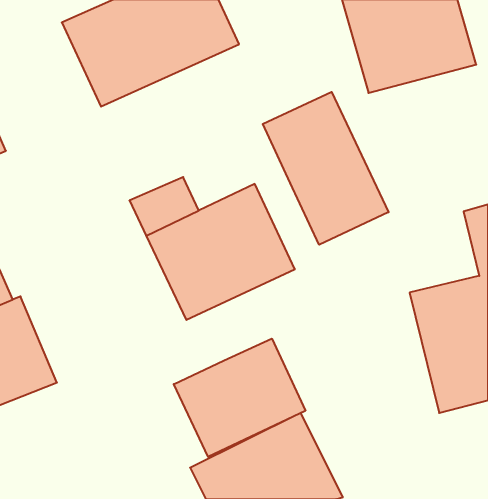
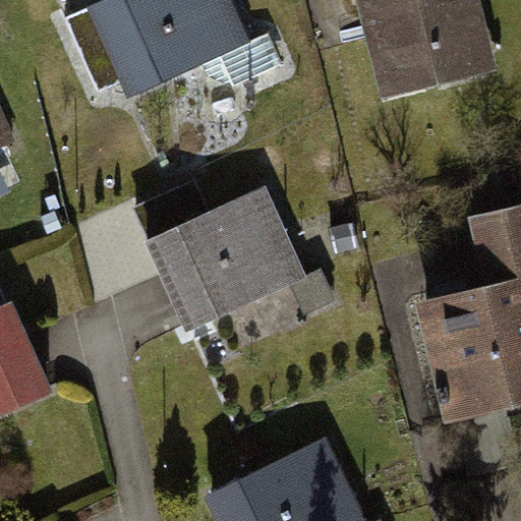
building: [263,92,389,245] -> none
building: [174,339,305,457] -> none

